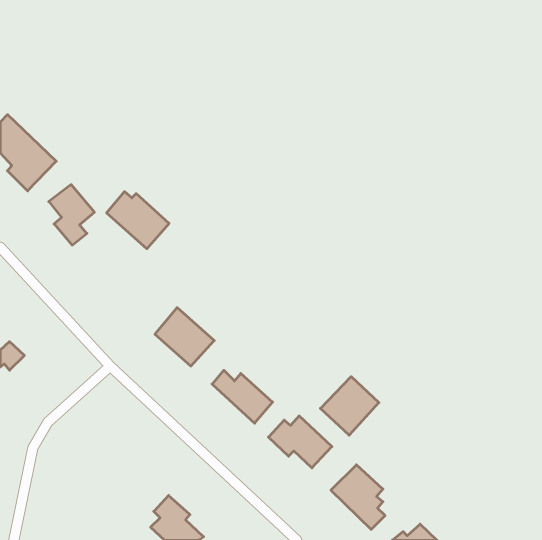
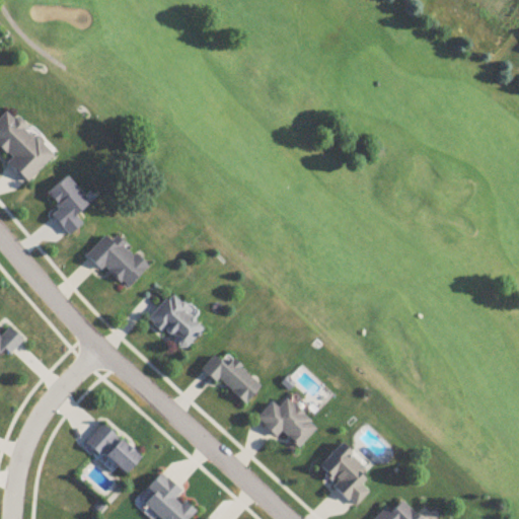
building: [107,192,169,249] -> [87,234,147,289]
building: [320,377,379,435] -> none
building: none -> [87,424,140,475]

